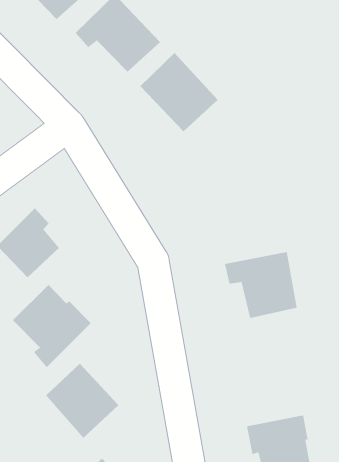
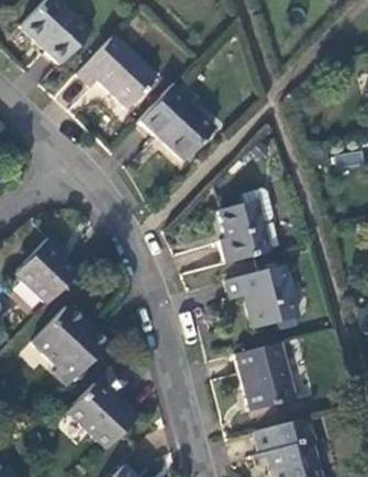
building: none -> [221,201,270,262]
building: none -> [236,342,295,410]

